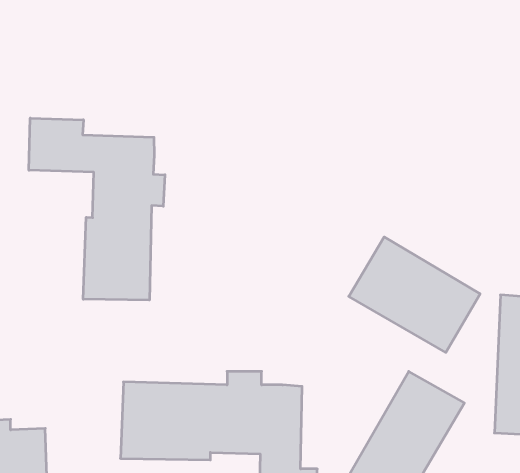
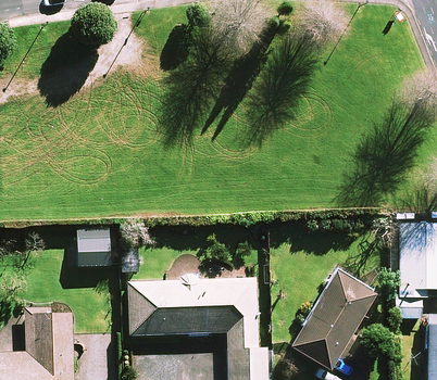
building: [29,118,165,300] -> none
building: [349,237,480,352] -> none

